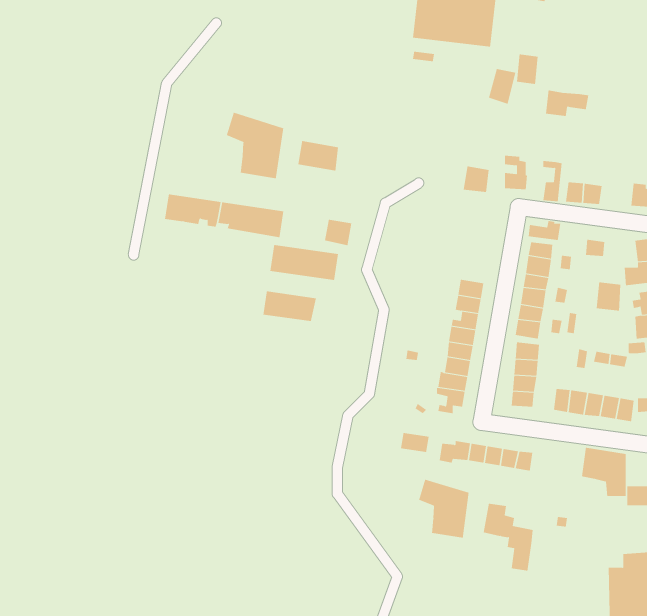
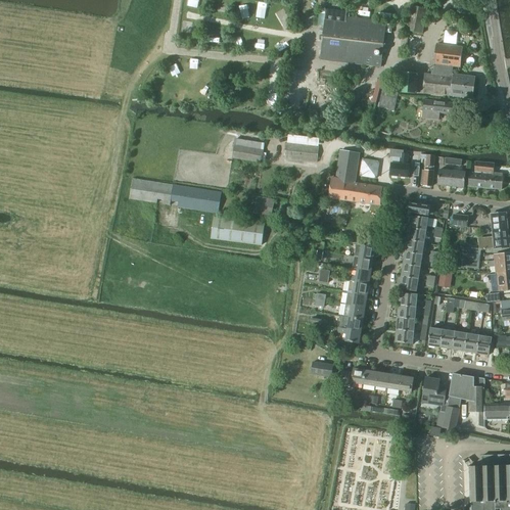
building: none -> [423,43,475,98]
building: [226,112,284,179] -> none
building: none -> [285,143,318,161]
building: none -> [329,150,382,204]
building: none -> [469,161,492,188]
building: [263,291,316,322] -> none
building: [419,479,469,539] -> none
building: [483,503,534,571] -> [421,377,460,429]

